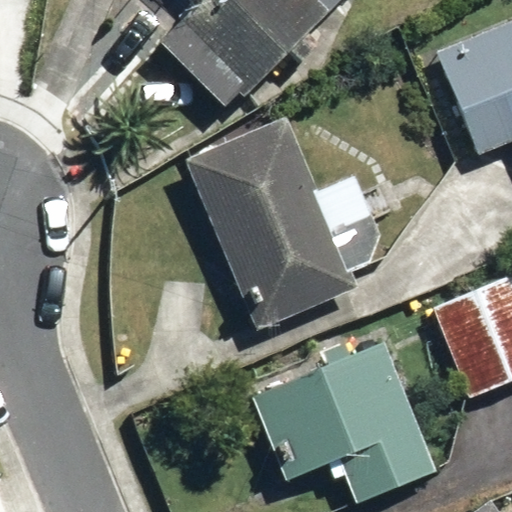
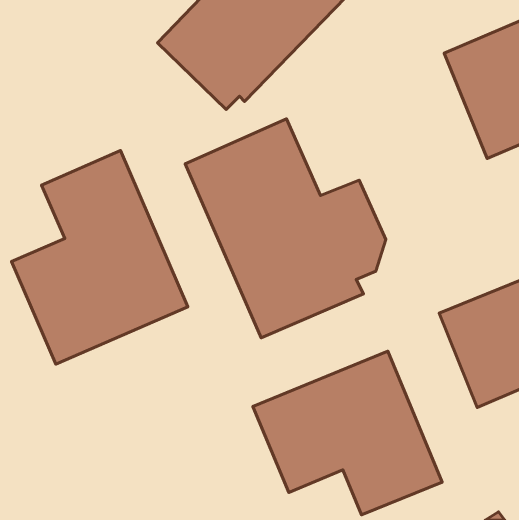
building: none -> [12,150,188,364]

